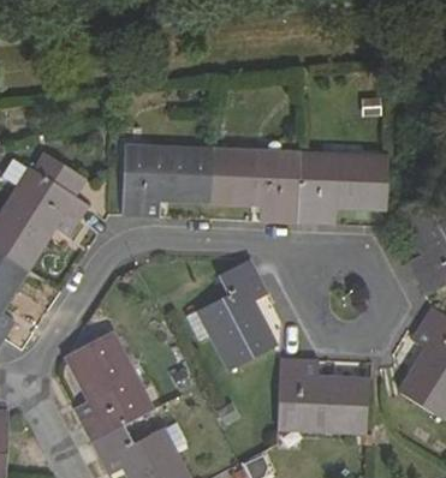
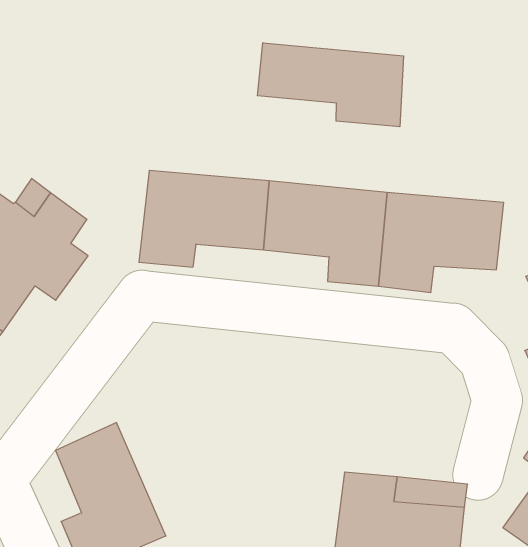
building: none -> [258,43,404,127]
building: [188,259,273,369] -> none

